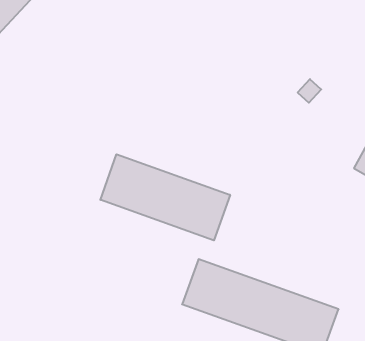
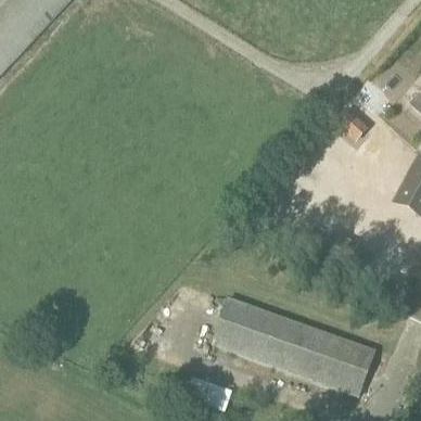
building: [100,154,230,240] -> none

